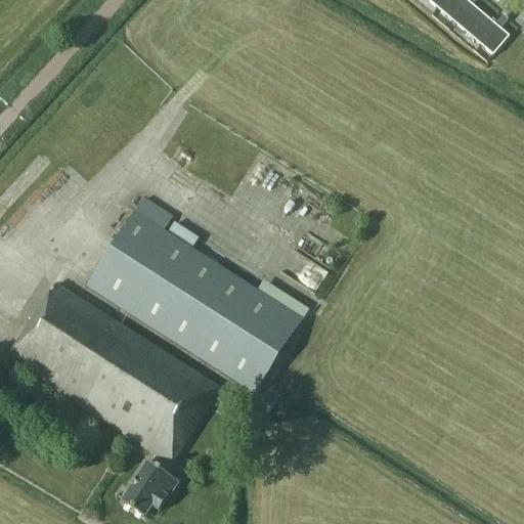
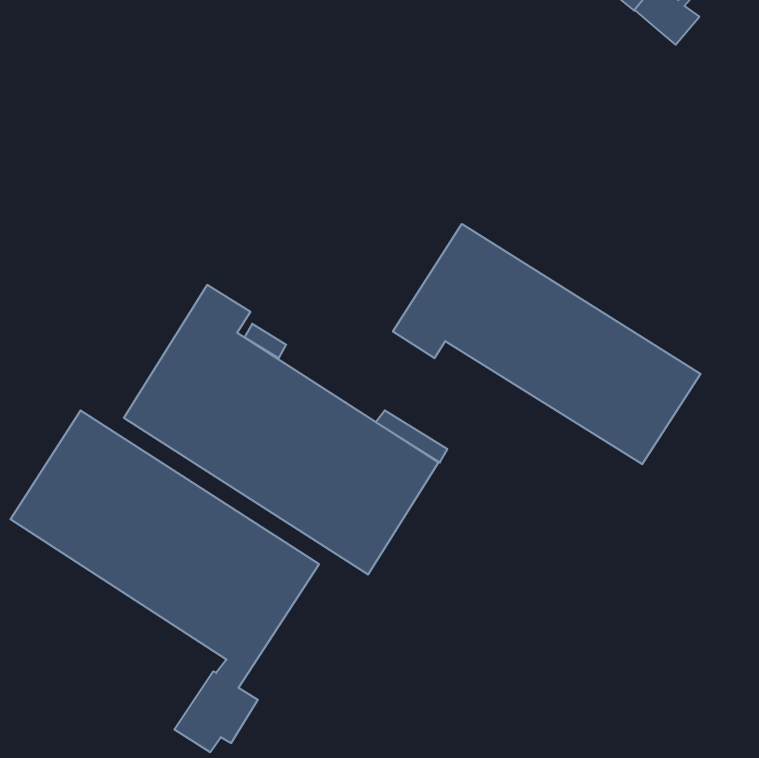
building: [464,11,508,55] -> none
building: none -> [393,224,701,464]

